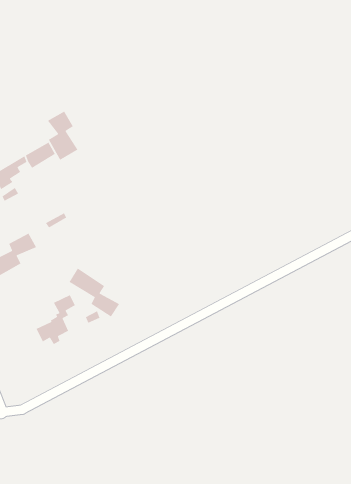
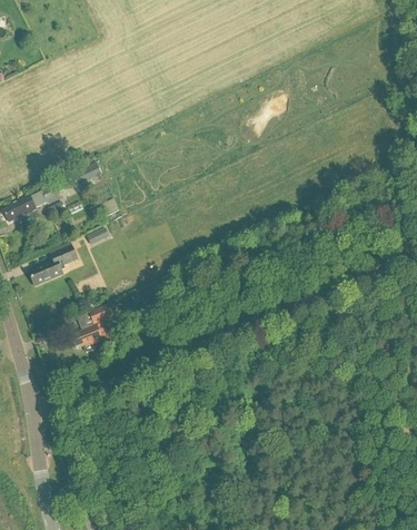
building: [47,111,78,161] -> none
building: [68,268,120,317] -> none

